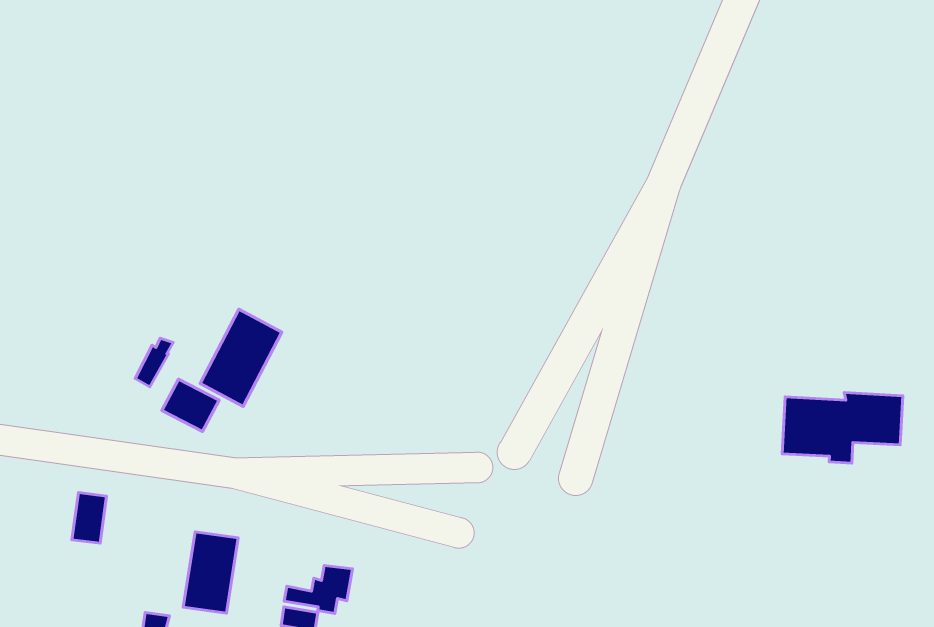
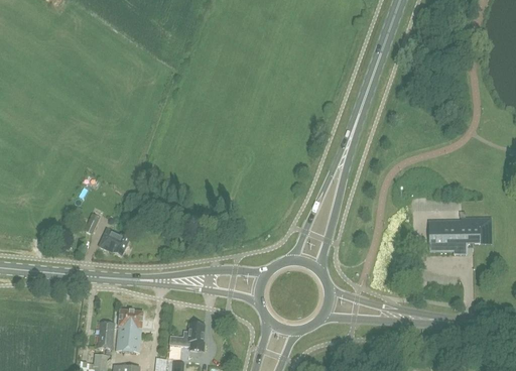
building: [200,309,282,407] -> none
building: [72,493,107,543] -> [97,322,114,348]

